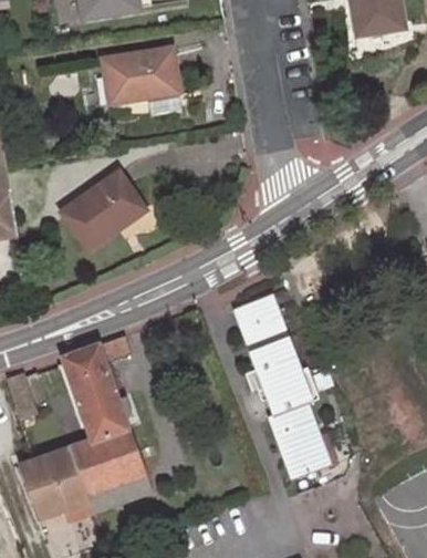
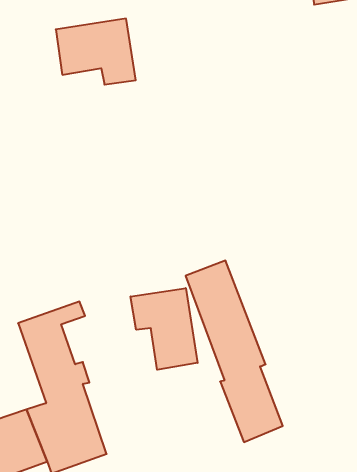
building: [60,171,140,250] -> none
building: none -> [131,288,198,370]

